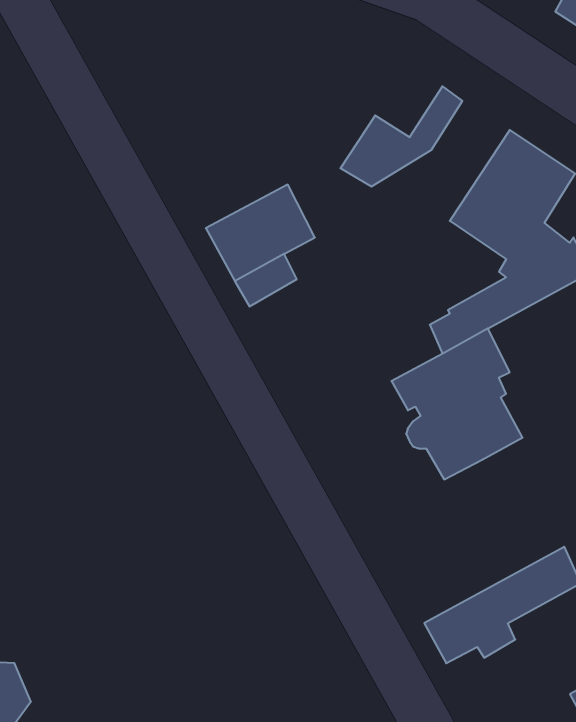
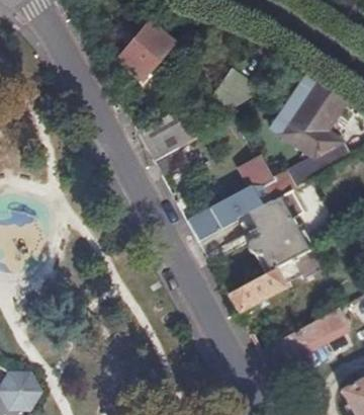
building: none -> [116,20,173,87]
building: none -> [187,154,274,239]
building: none -> [229,259,299,312]

